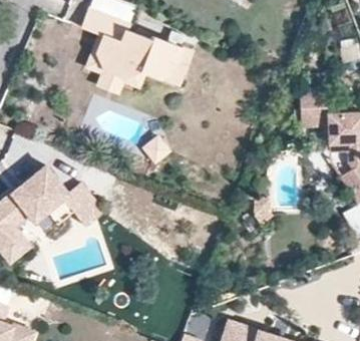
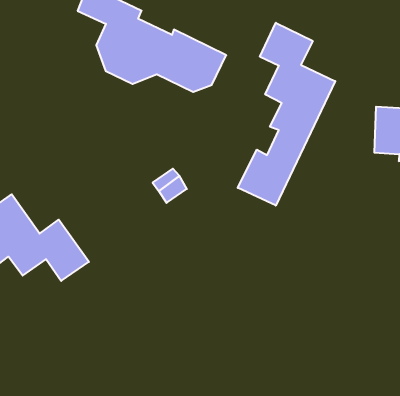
building: none -> [238,23,335,206]

